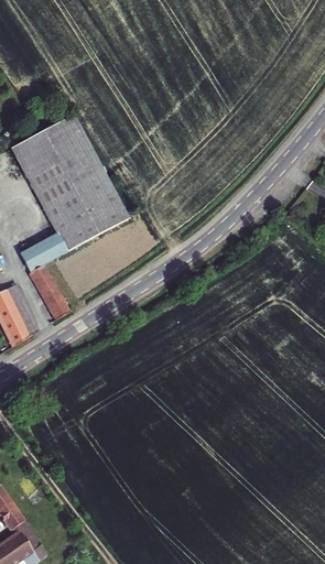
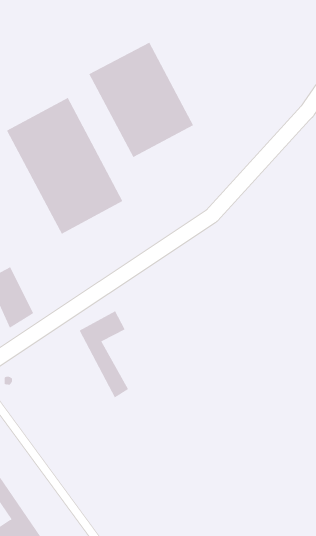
building: none -> [89,42,194,158]
building: [20,232,69,319] -> [79,311,129,398]

